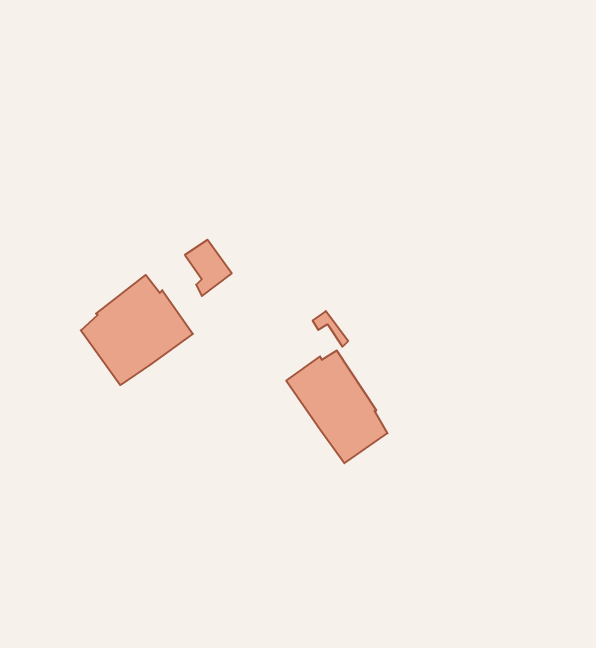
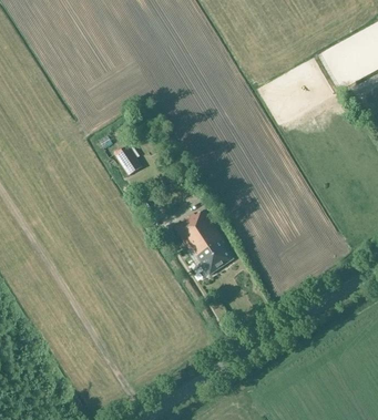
building: [81,275,193,385] -> none

